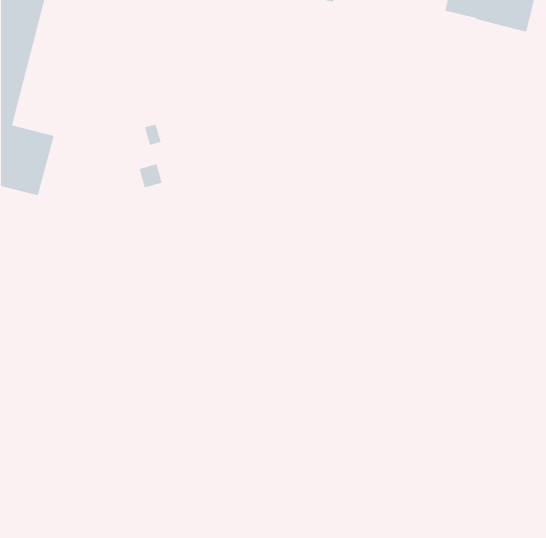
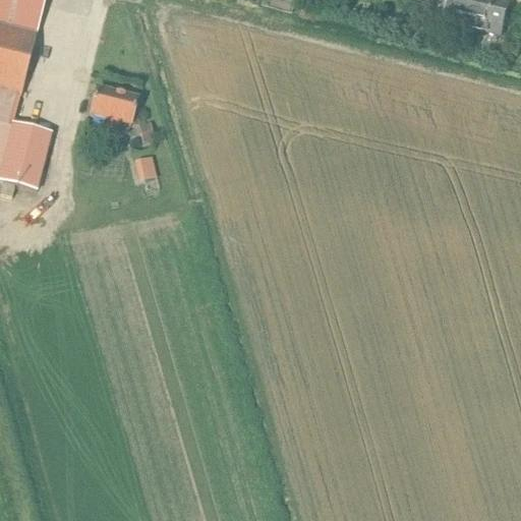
building: none -> [90,81,137,127]

